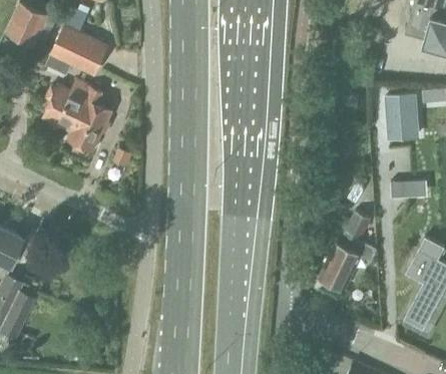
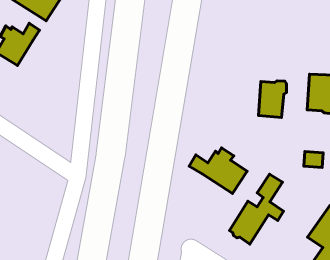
building: [67,86,112,152] -> none
building: none -> [258,81,287,118]
building: none -> [189,148,247,193]

